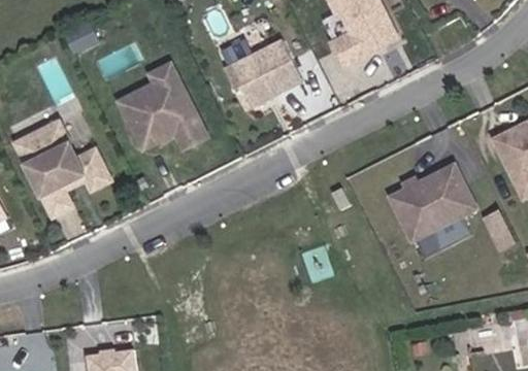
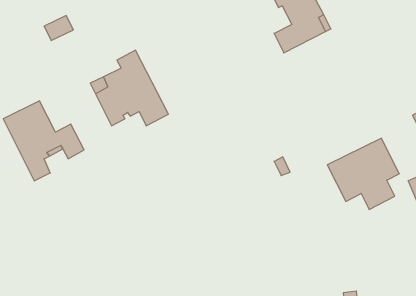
building: [219,40,302,108] -> none

